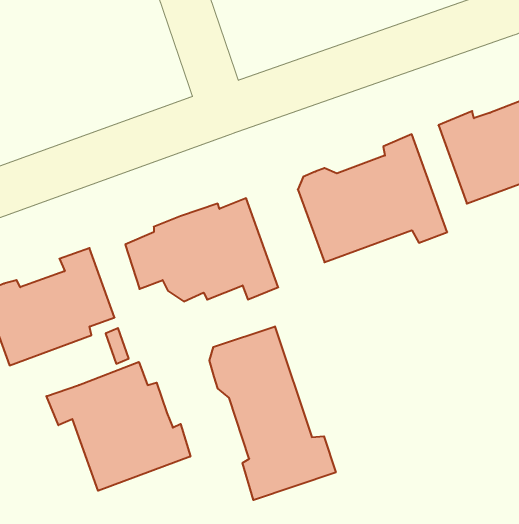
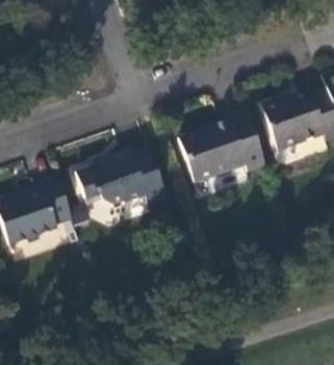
building: [209,326,336,500] -> none
building: [46,362,190,491] -> none

